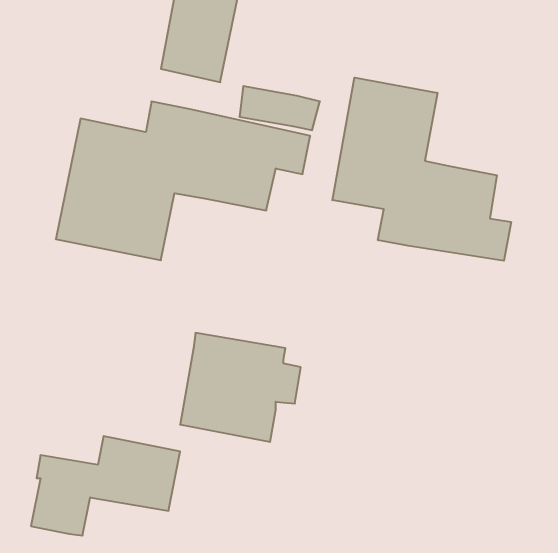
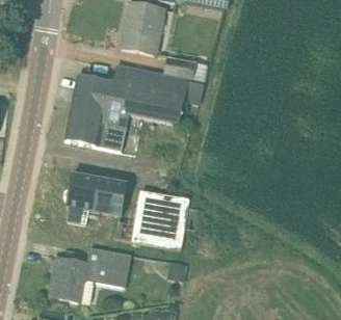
building: [332,78,511,261] -> none
building: none -> [65,174,125,223]

